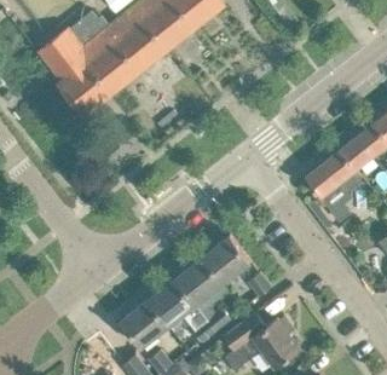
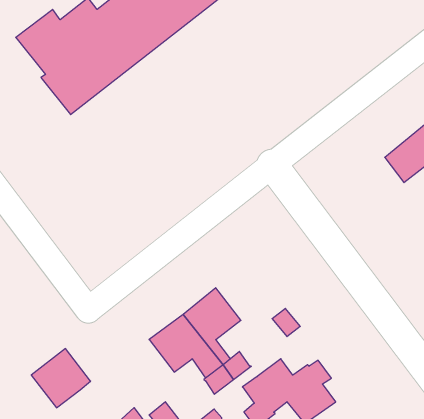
building: [304,150,359,221] -> none
building: [201,235,249,283] -> none
building: [119,299,167,347] -> [31,349,91,408]

